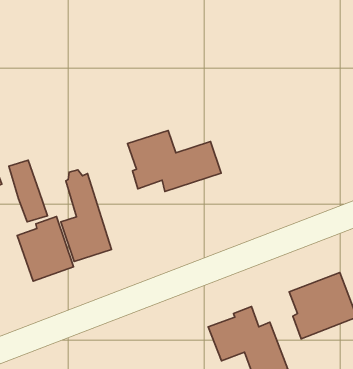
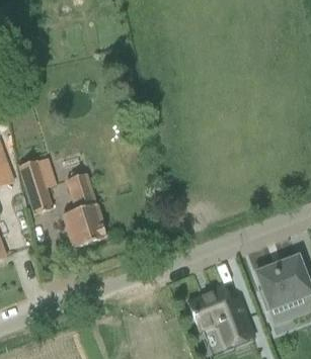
building: [128,131,221,191] -> none
building: [17,217,73,281] -> none

